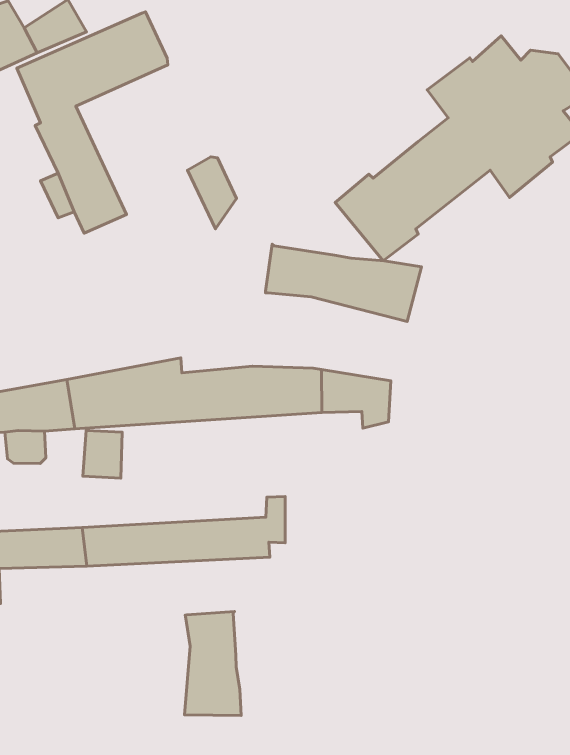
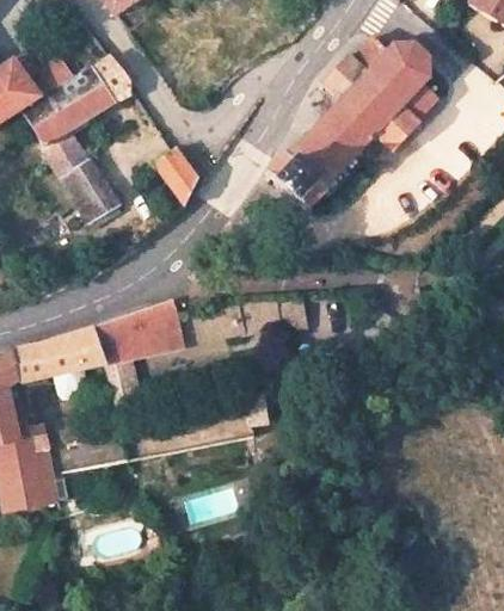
building: [265,244,421,322] -> none
building: [185,612,241,716] -> none

